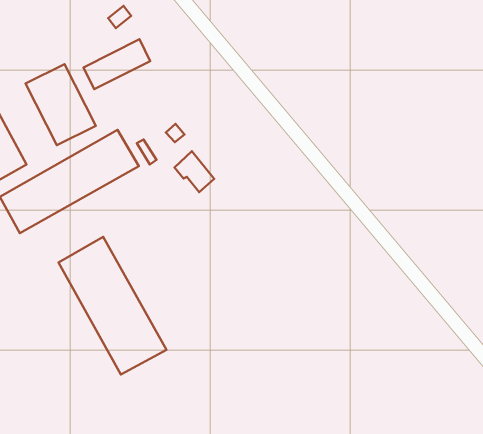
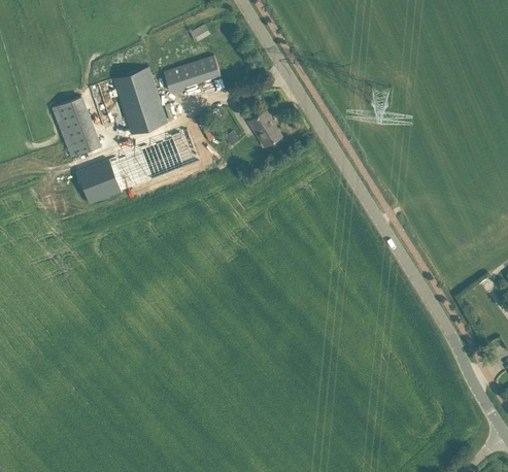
building: [174,151,214,192] -> [249,111,281,146]
building: [58,237,167,375] -> none

